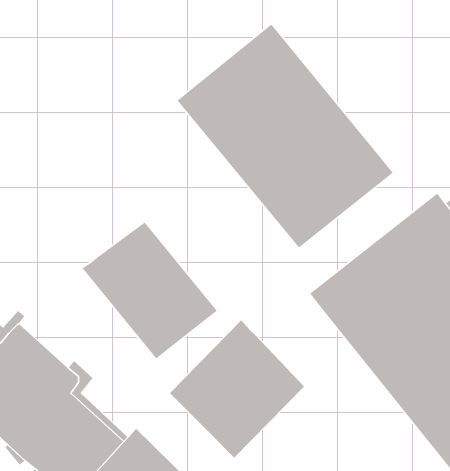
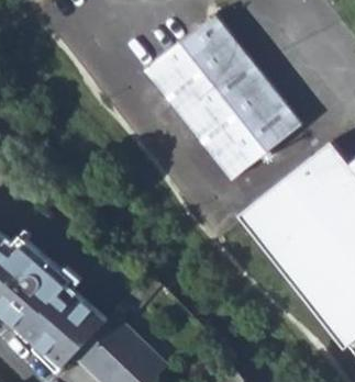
building: [82,222,218,360] -> none
building: [169,319,305,459] -> none

